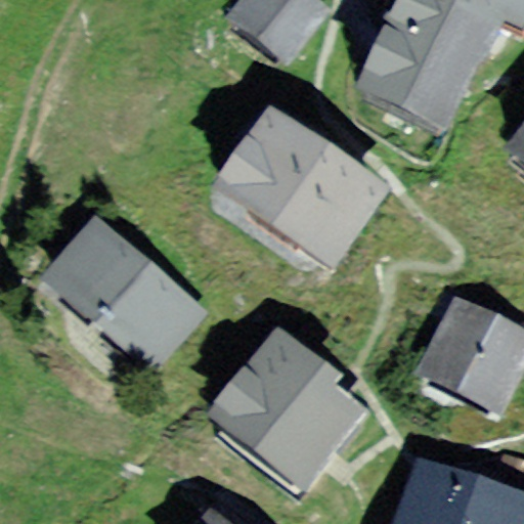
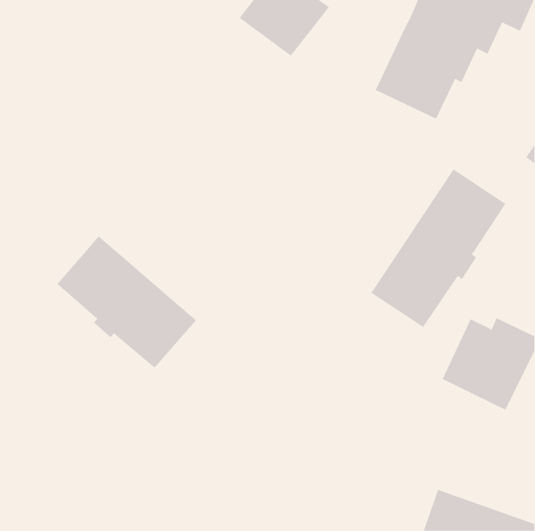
building: [224,128,376,268] -> none
building: none -> [370,169,506,328]
building: [225,343,347,476] -> none

